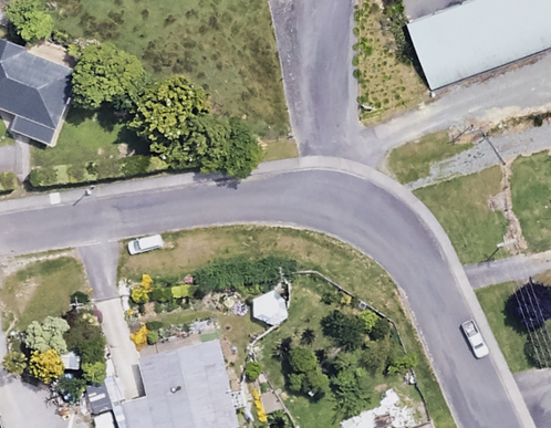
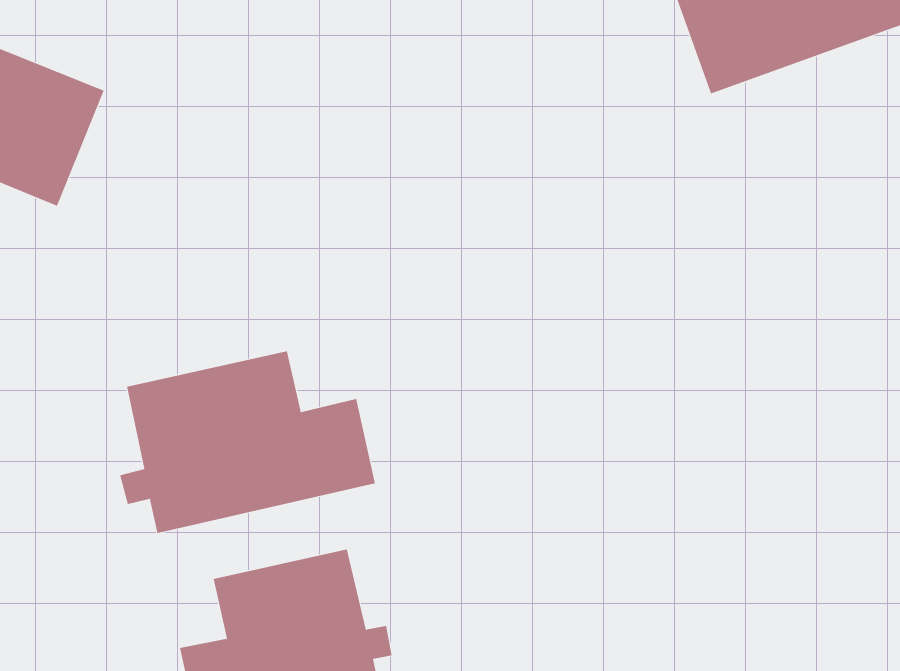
building: none -> [120,350,375,534]

